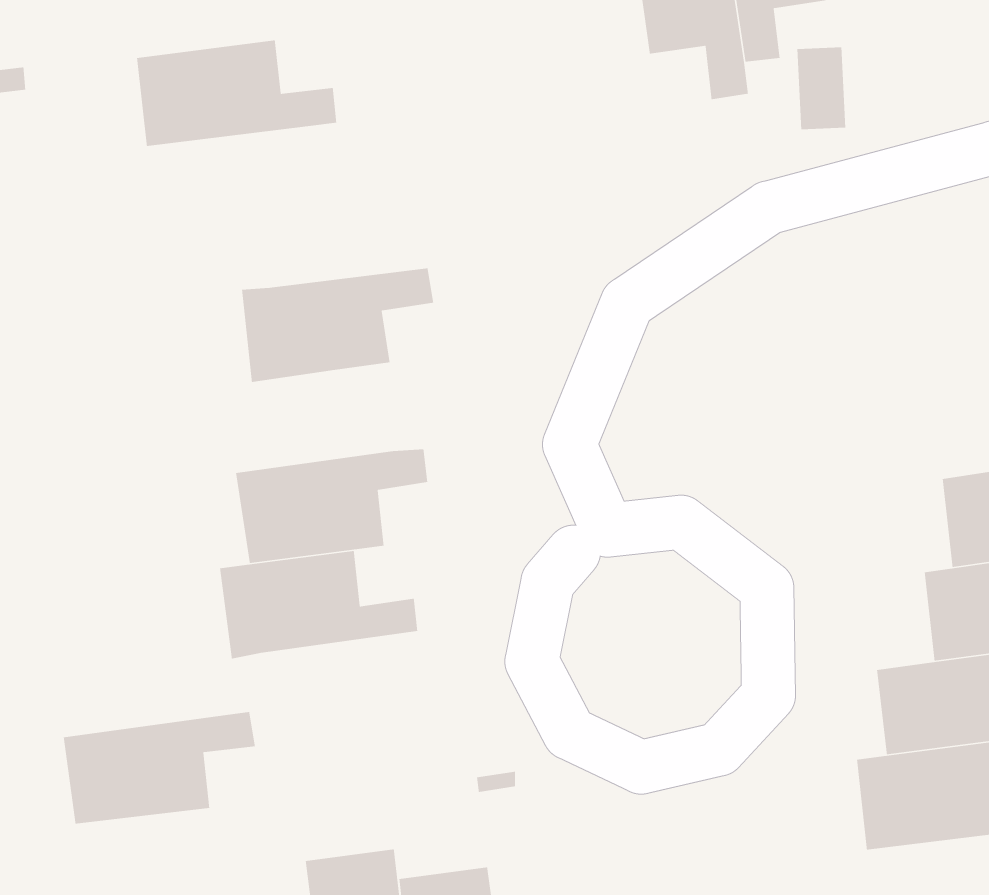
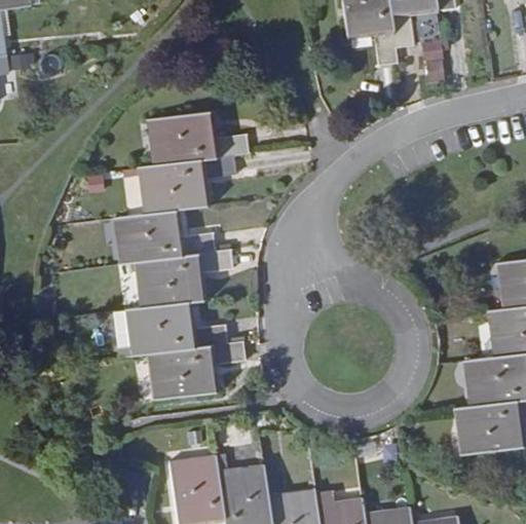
building: [136,40,337,147] -> [146,109,250,164]
building: none -> [112,208,215,262]
building: [63,711,256,825] -> [147,340,247,399]

